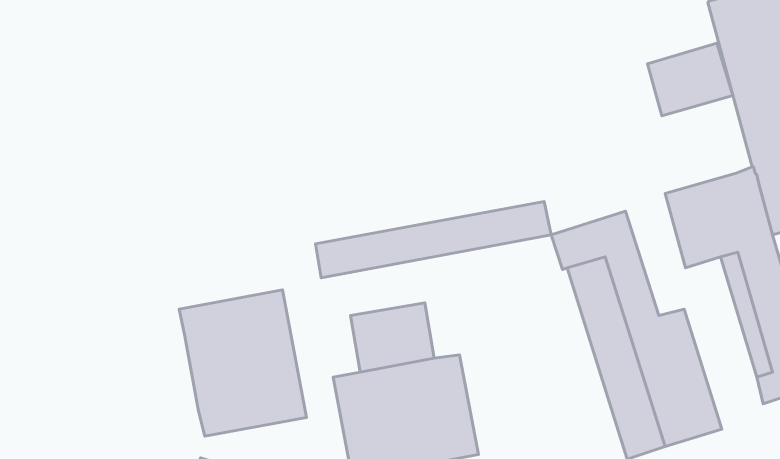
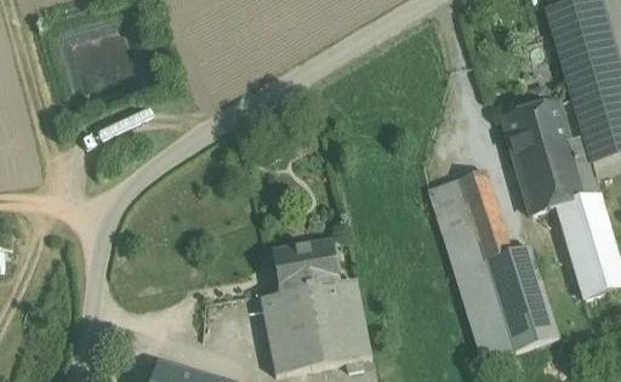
building: [647,43,733,116] -> [503,101,569,156]
building: [316,201,551,278] -> none
building: [179,290,306,436] -> none

